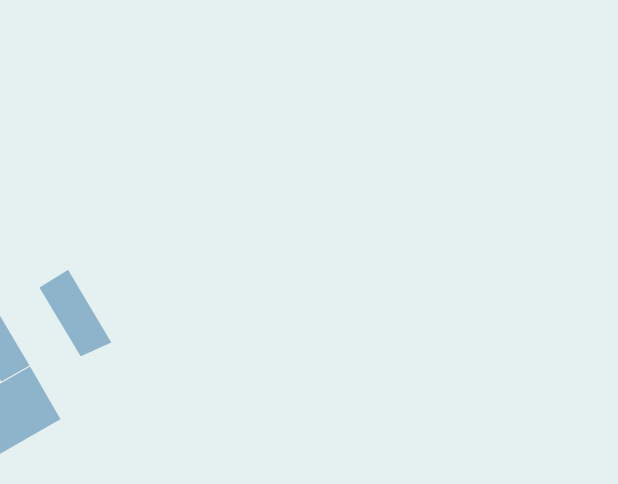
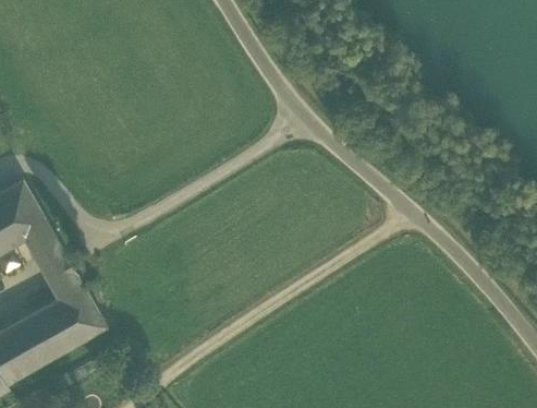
building: [38,269,112,357] -> none

